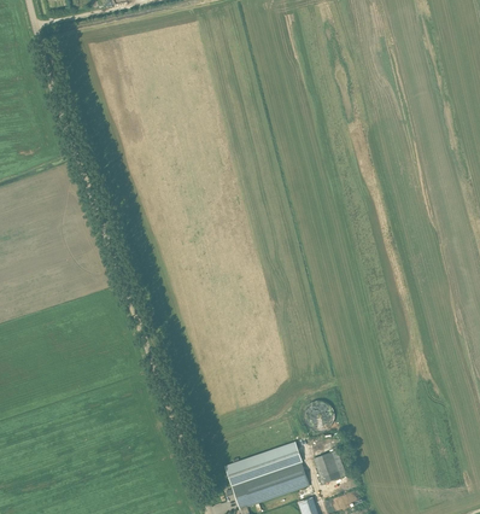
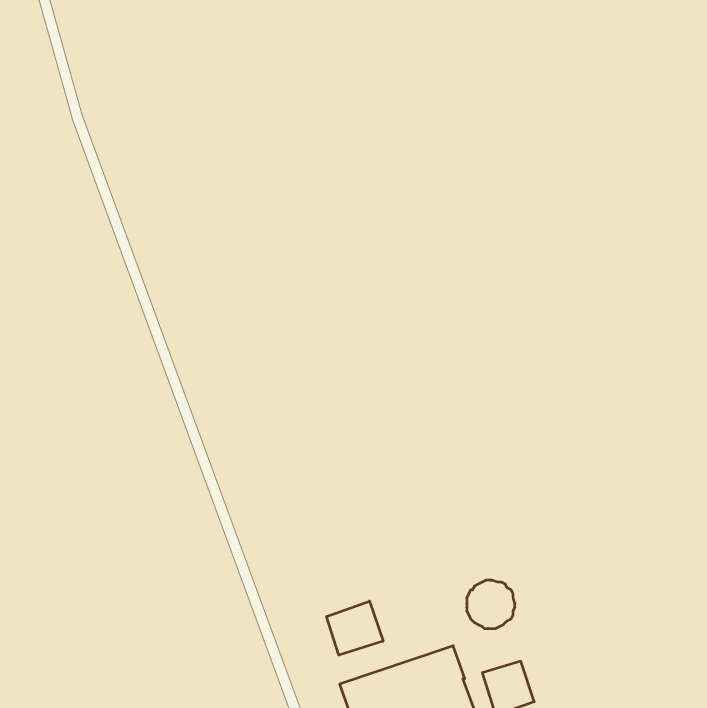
building: none -> [327,601,383,655]

